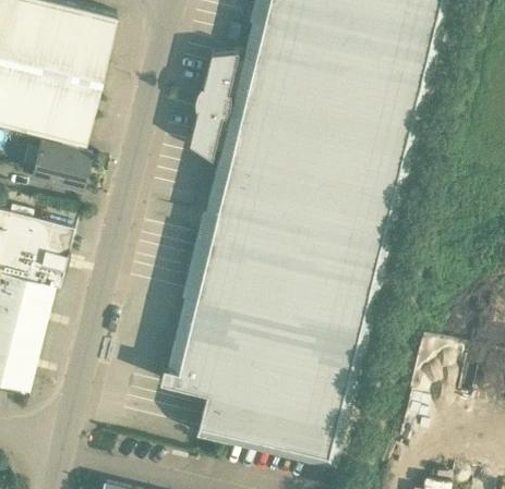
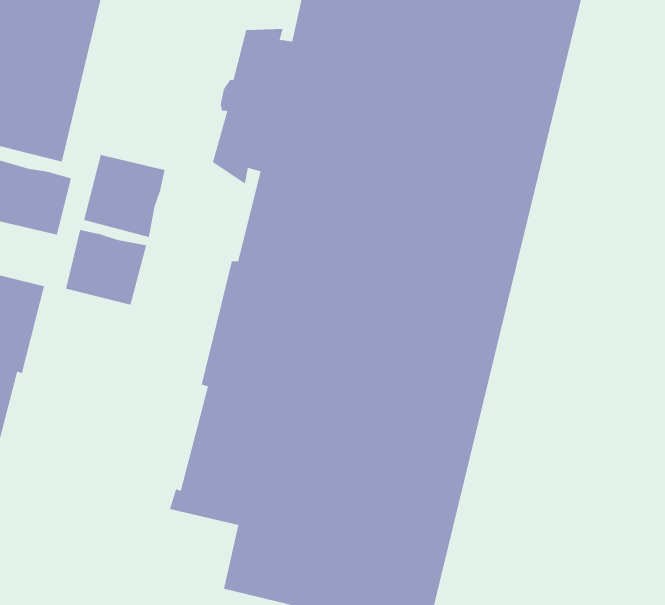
building: none -> [84,154,165,238]
building: none -> [66,229,147,306]

